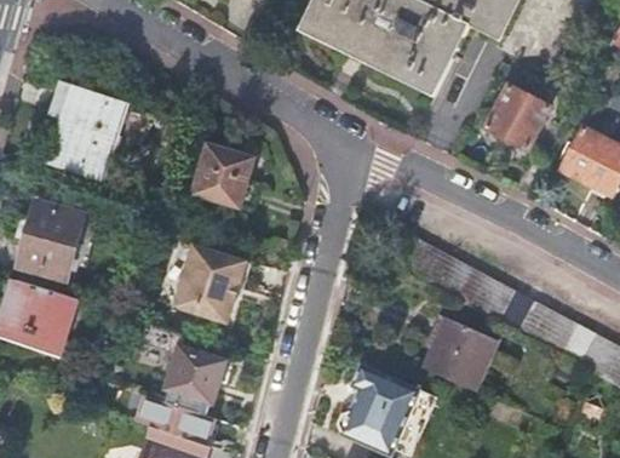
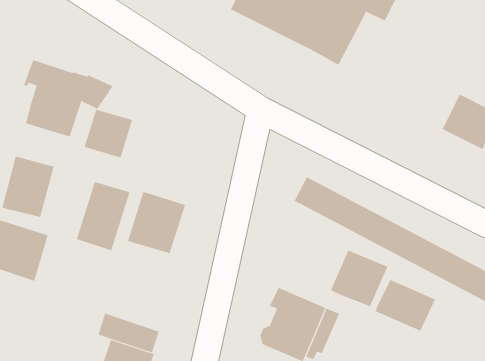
building: [484,84,549,148] -> none
building: [193,145,253,206] -> [84,109,133,158]
building: none -> [76,181,130,251]
building: [167,348,224,401] -> none
building: none -> [375,279,436,332]

